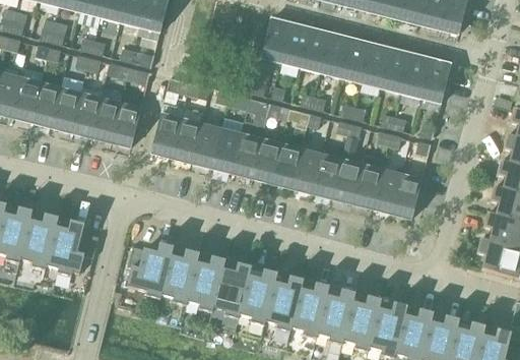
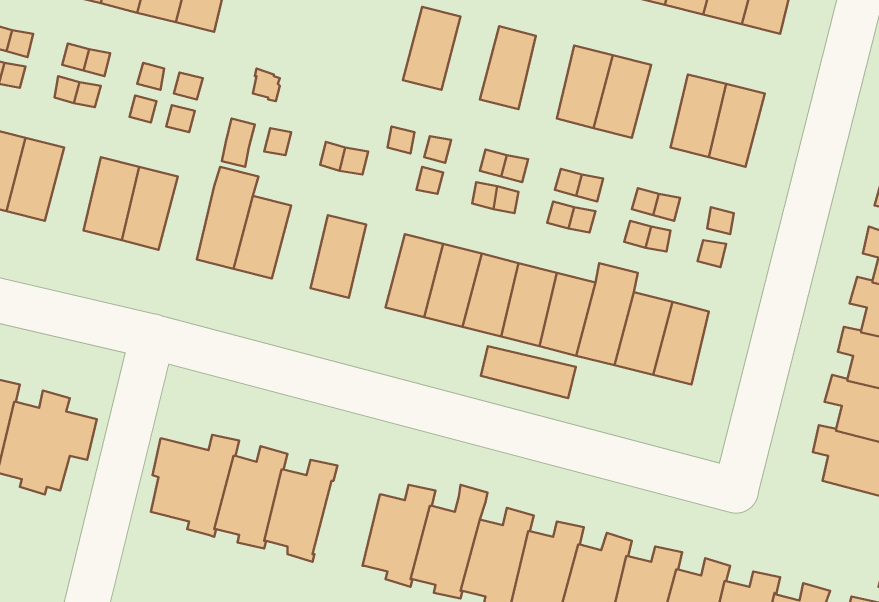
building: [280,23,311,67] -> none
building: [321,34,350,77] -> none
building: [381,49,410,93] -> none
building: [71,84,103,136] -> none
building: [191,123,220,167] -> none
building: [232,133,261,177] -> none
building: none -> [481,346,576,398]
building: [212,263,251,317] -> none

